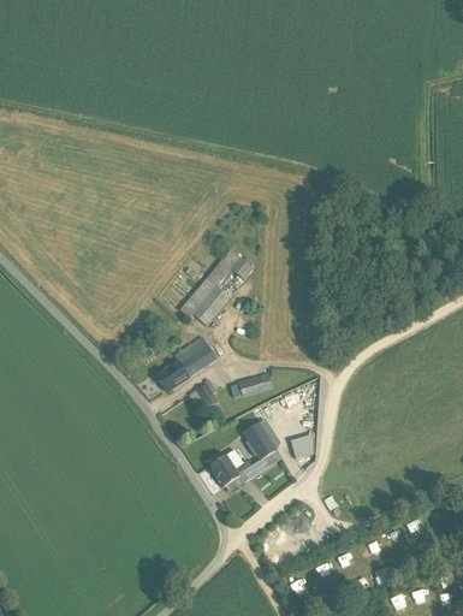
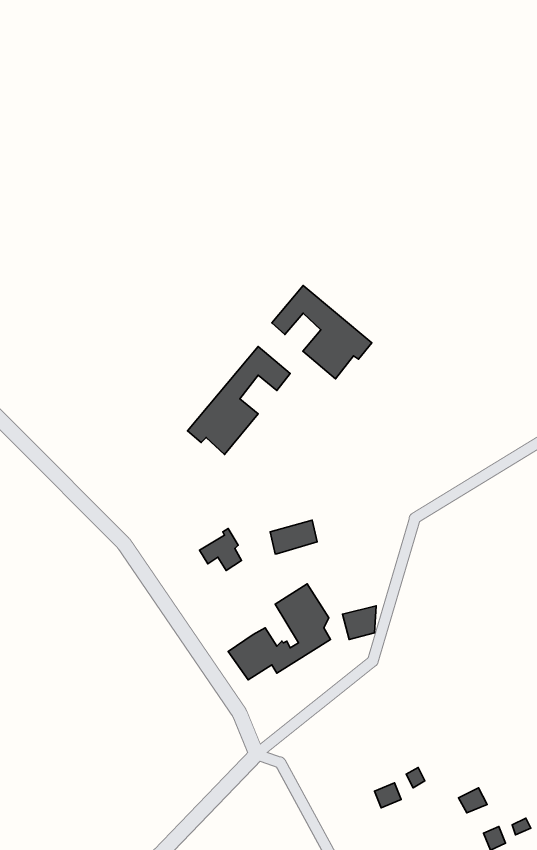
building: none -> [272,285,372,379]
building: [155,336,216,391] -> none

